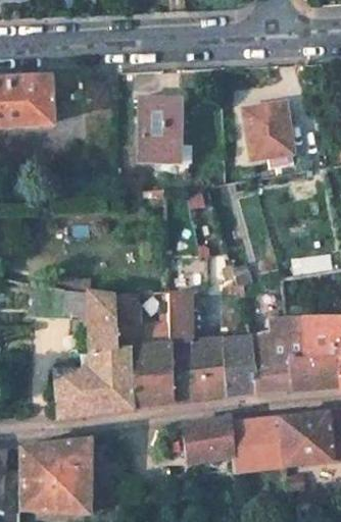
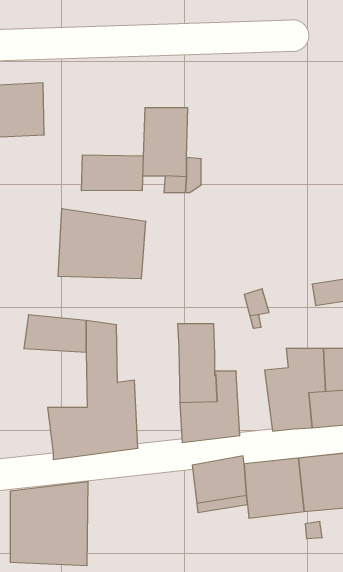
building: [244,103,292,159] -> none
building: none -> [81,155,143,191]
building: none -> [58,208,145,279]
building: [115,294,175,407] -> none
building: [224,336,256,396] -> none

